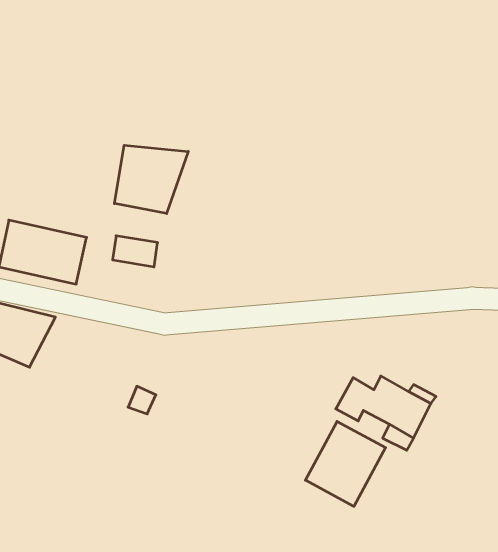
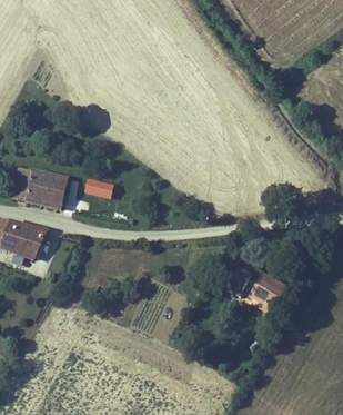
building: [114,145,188,214] -> none
building: [305,421,386,506] -> none

